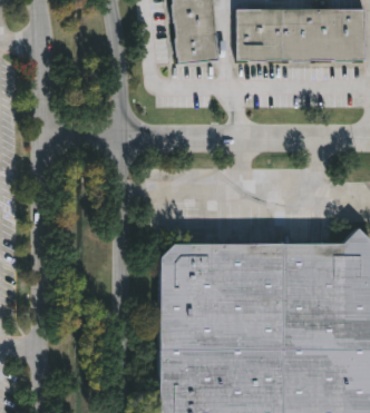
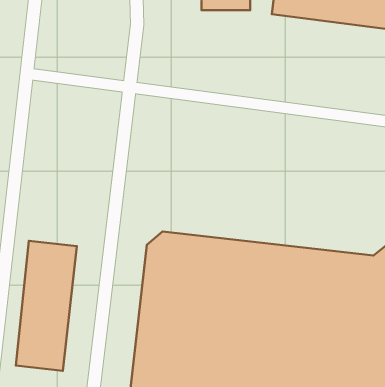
building: none -> [16,241,77,371]

